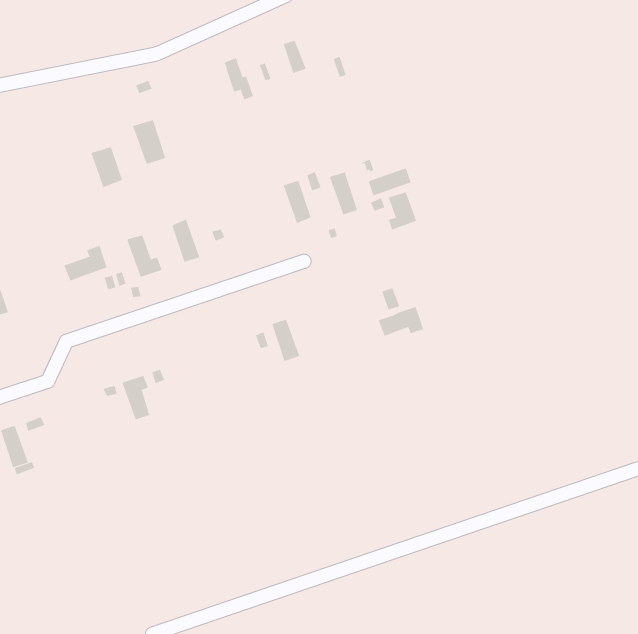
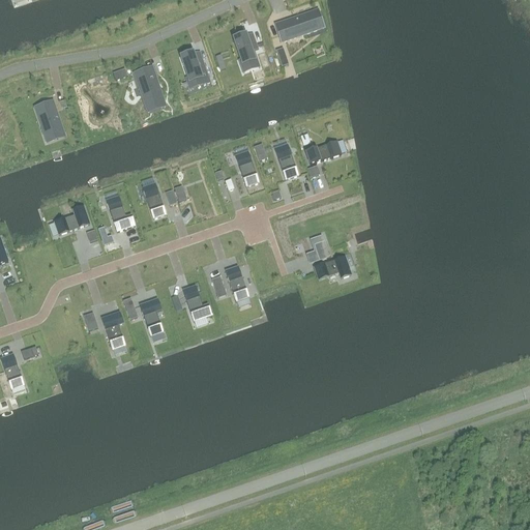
building: none -> [277,10,316,39]
building: [132,119,166,164] -> [134,65,161,102]
building: [90,146,123,188] -> [34,99,61,134]
building: [388,191,417,230] -> none
building: none -> [181,284,210,319]
building: none -> [139,297,161,334]

